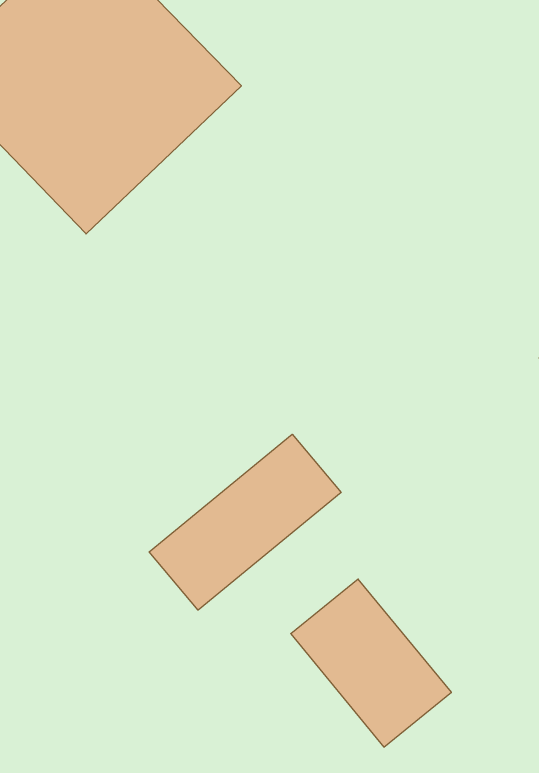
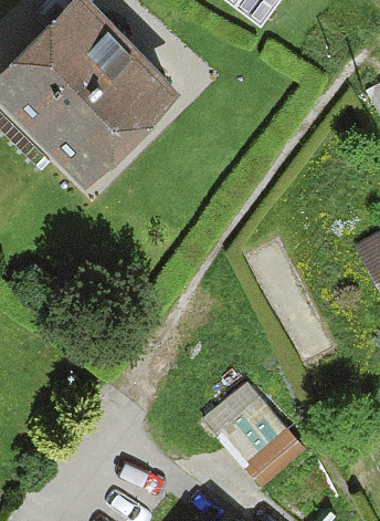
building: [149,434,341,610] -> none

